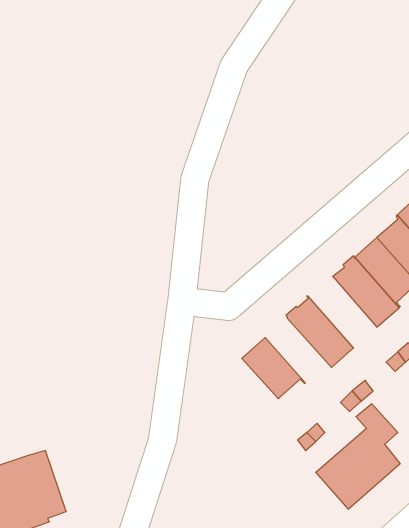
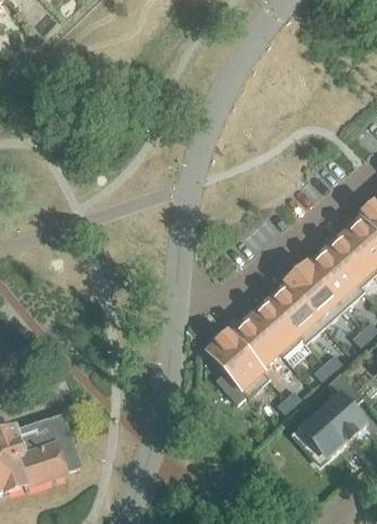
building: none -> [285,262,344,325]
building: none -> [249,300,305,355]
building: none -> [209,331,270,397]

